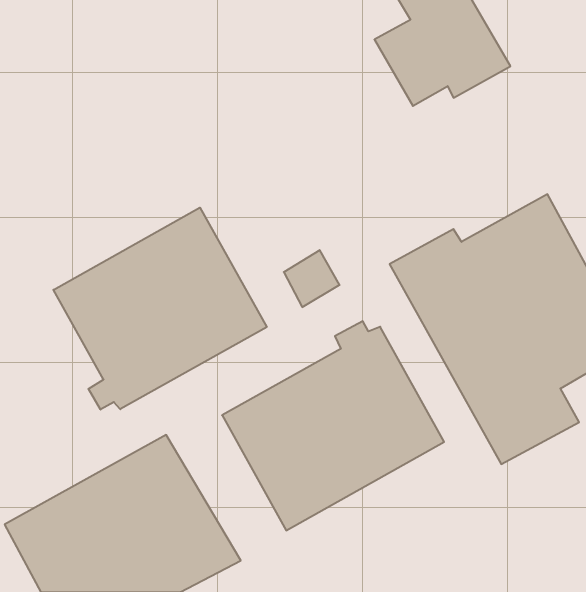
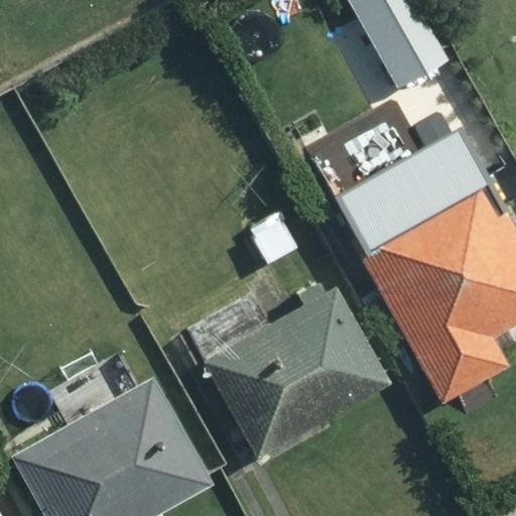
building: [53,208,267,410] -> none

